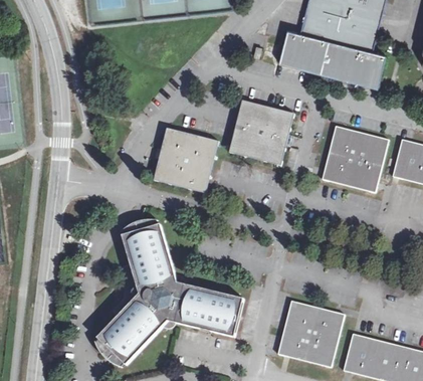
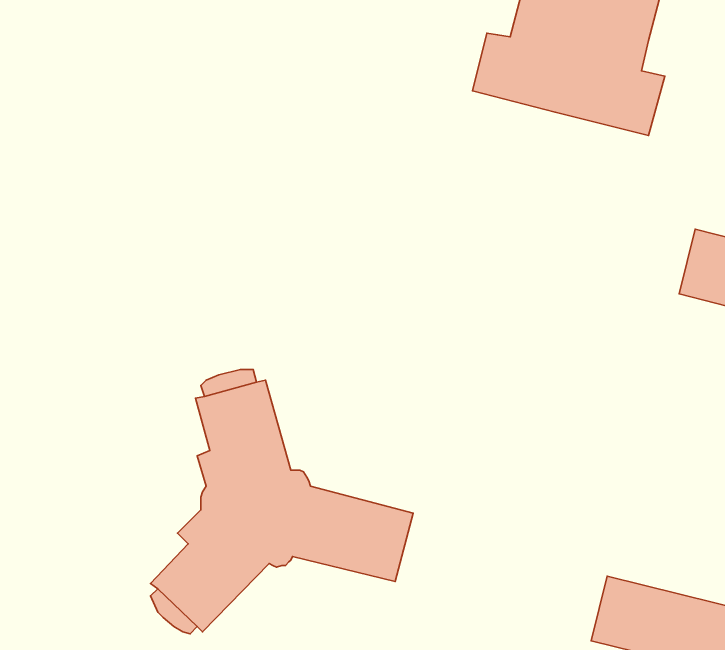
building: [229,101,294,165] -> none
building: [323,126,389,193] -> none
building: [154,128,219,193] -> none
building: [278,301,345,367] -> none

